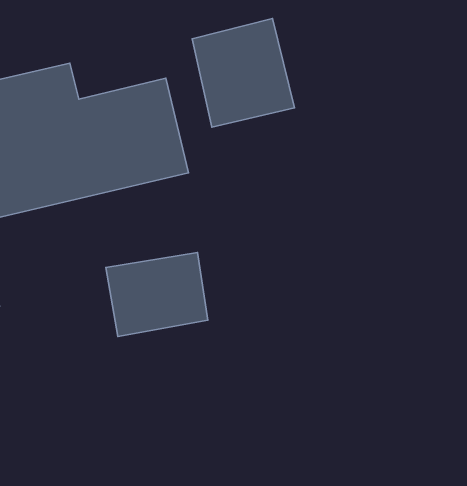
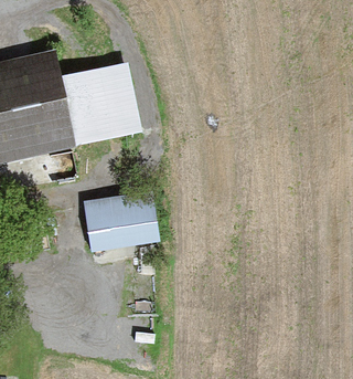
building: [192,19,295,127] -> none

